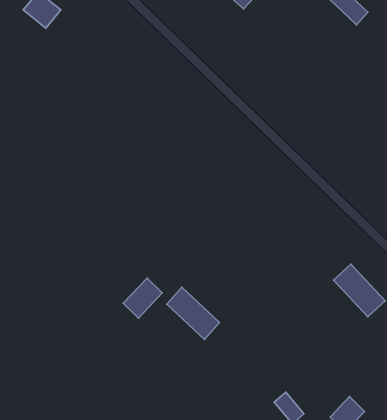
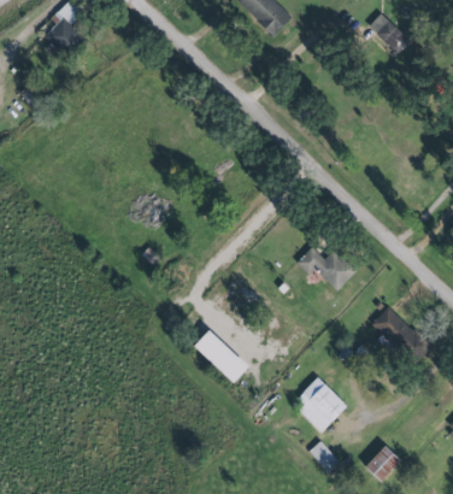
building: none -> [295,247,355,290]
building: [123,278,162,318] -> none
building: none -> [292,376,348,433]

